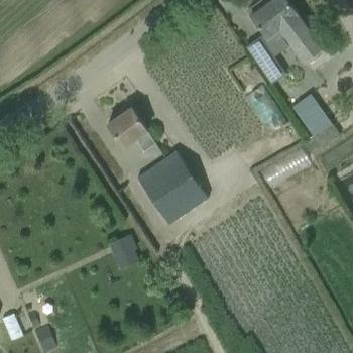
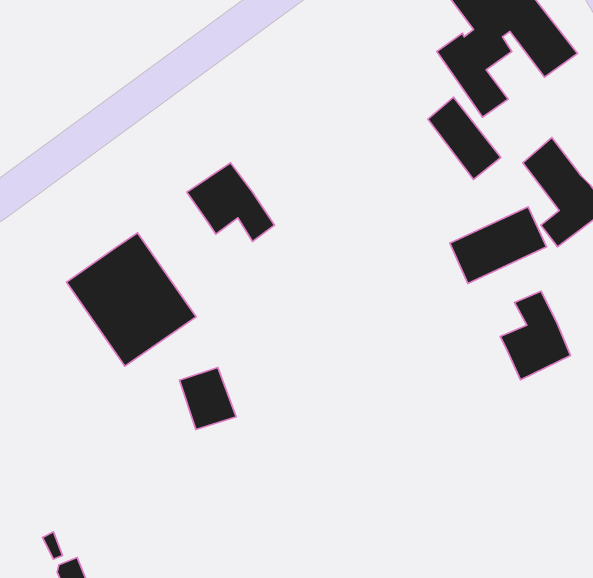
building: [138,151,210,225] -> [66,233,196,366]
building: none -> [500,291,571,380]

